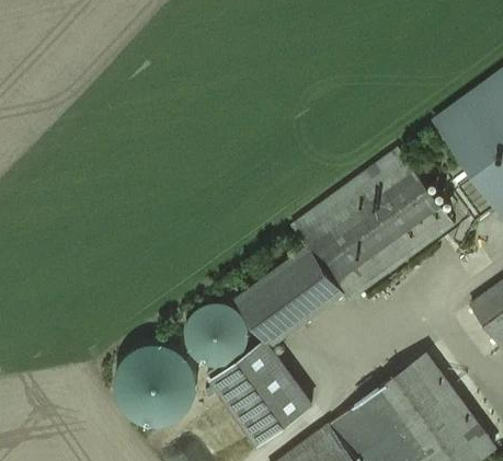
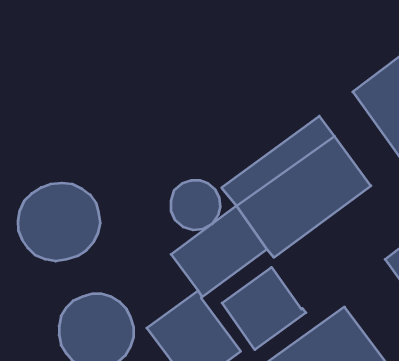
building: none -> [18,183,100,261]
building: [192,303,245,357] -> [171,181,220,230]
building: none -> [222,267,306,350]

